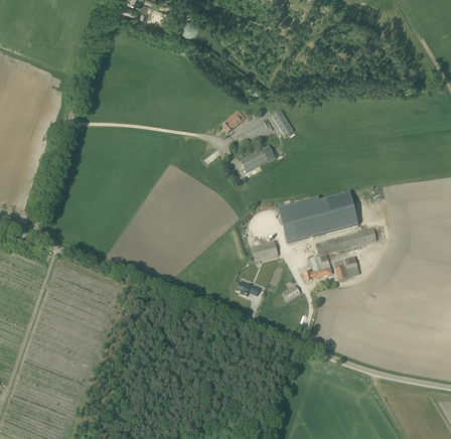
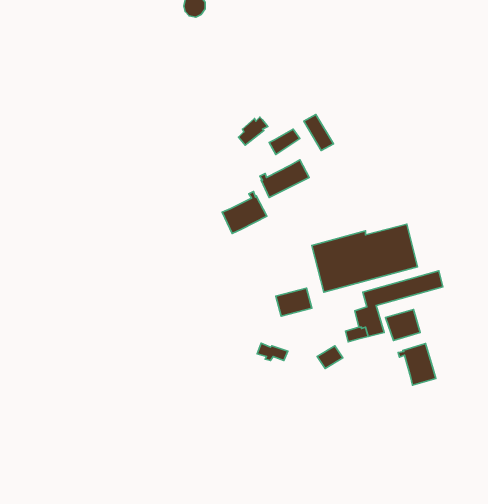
building: none -> [222,192,267,234]
building: none -> [398,343,436,385]

